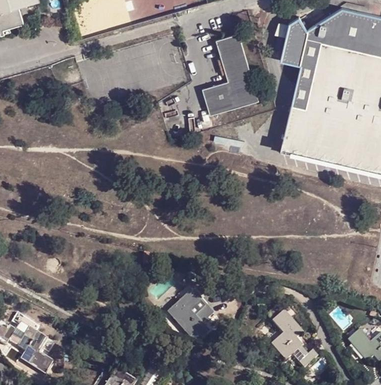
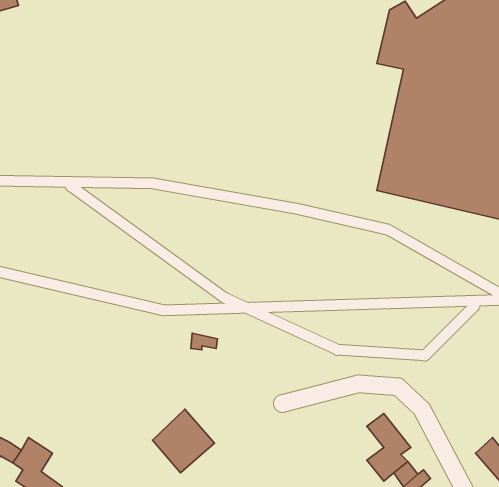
building: [200,34,258,116] -> none
building: [170,289,214,334] -> [152,409,214,473]

